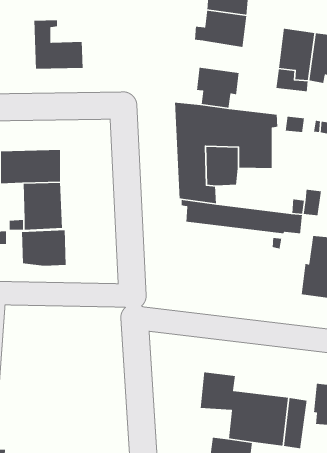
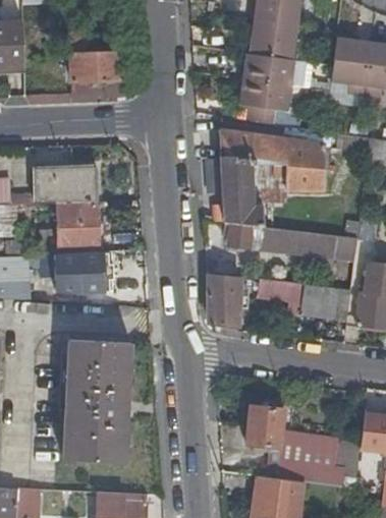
building: none -> [245,51,293,84]
building: none -> [209,274,241,326]
building: none -> [257,276,351,309]
building: none -> [63,341,130,464]

